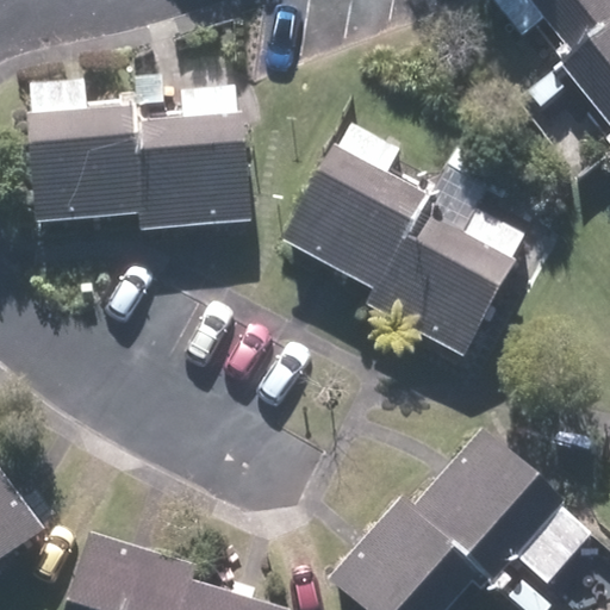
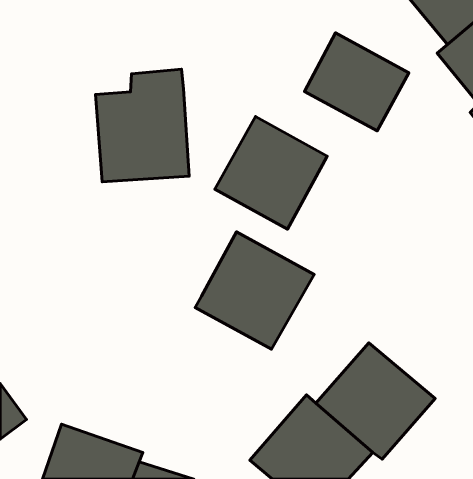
building: none -> [304,33,409,131]
building: [30,106,141,219] -> none
building: [367,207,517,355] -> [195,232,314,349]

